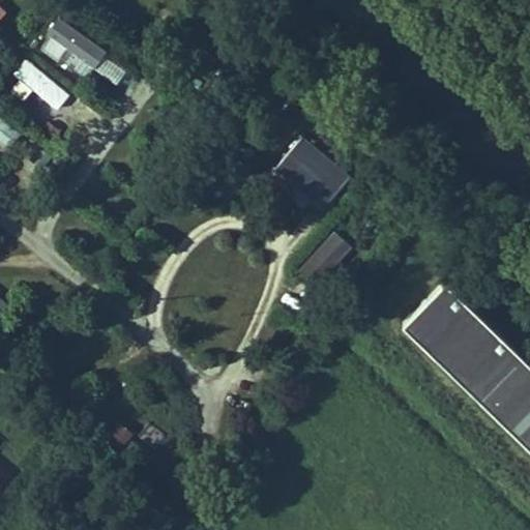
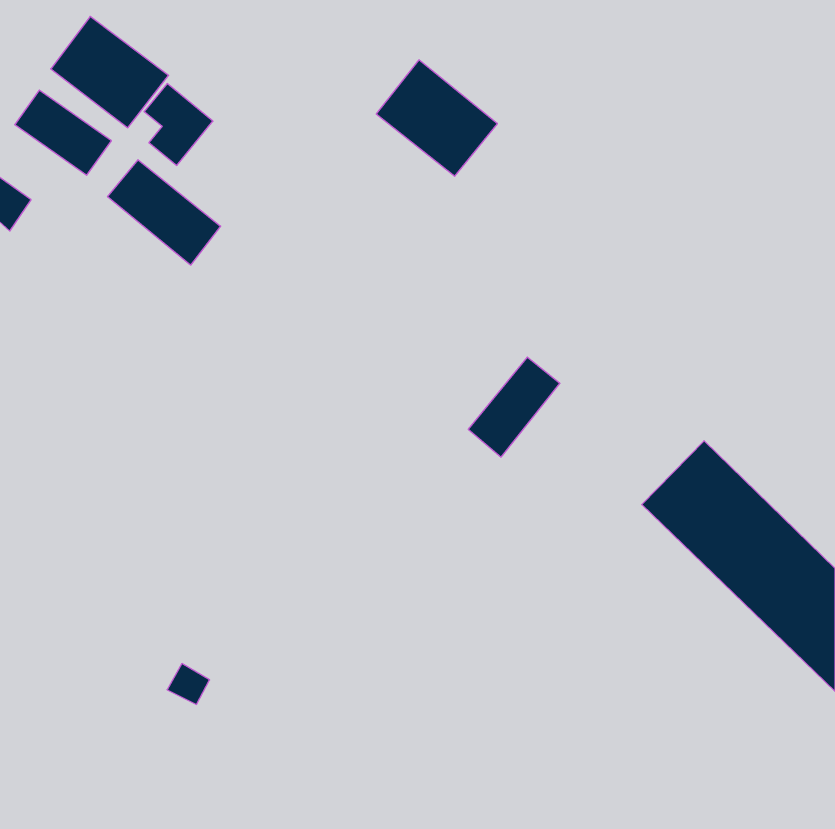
building: none -> [108,160,221,265]
building: [274,136,351,209] -> [376,60,497,176]

